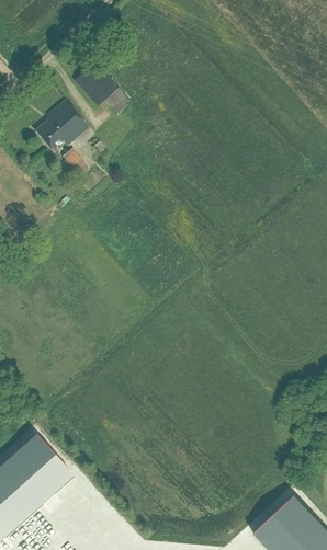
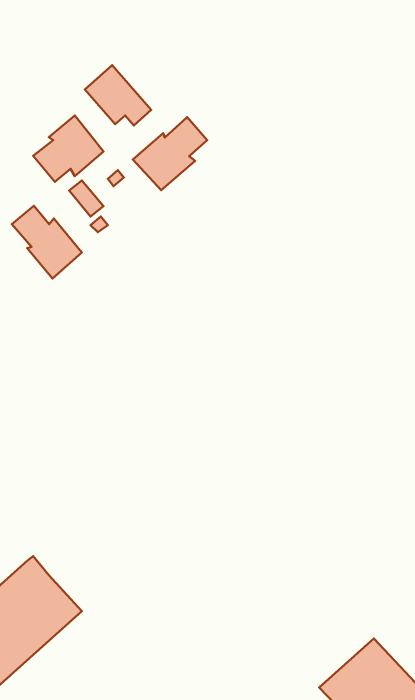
building: none -> [133,117,207,190]
building: none -> [12,206,82,278]

